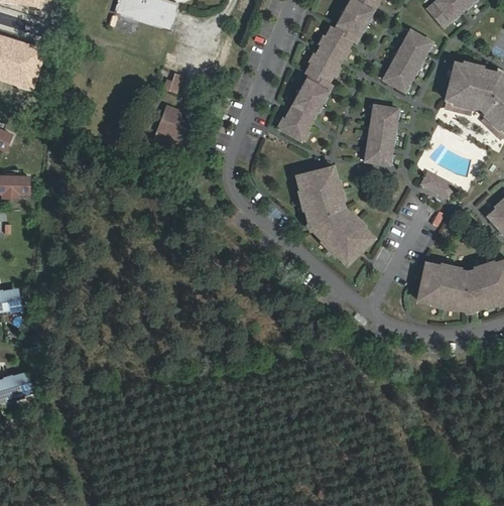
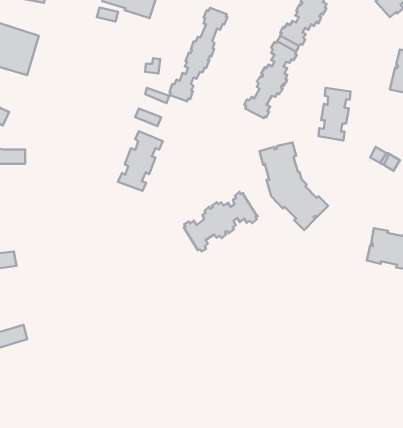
building: none -> [169,8,227,102]
building: [380,28,432,91] -> none
building: [159,112,191,138] -> none
building: none -> [118,131,163,191]
building: none -> [184,192,258,252]

